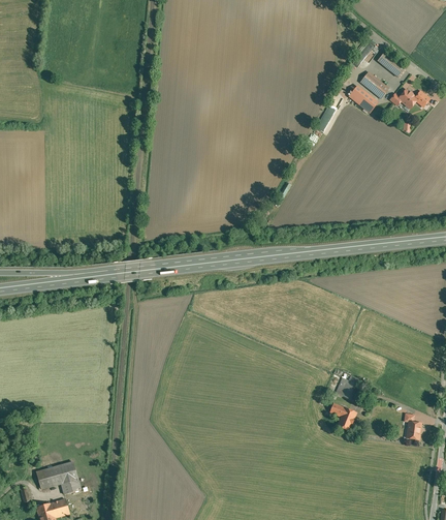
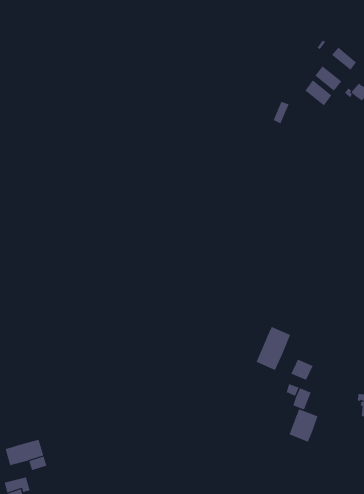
building: none -> [256,326,291,371]
building: none -> [289,408,318,442]

